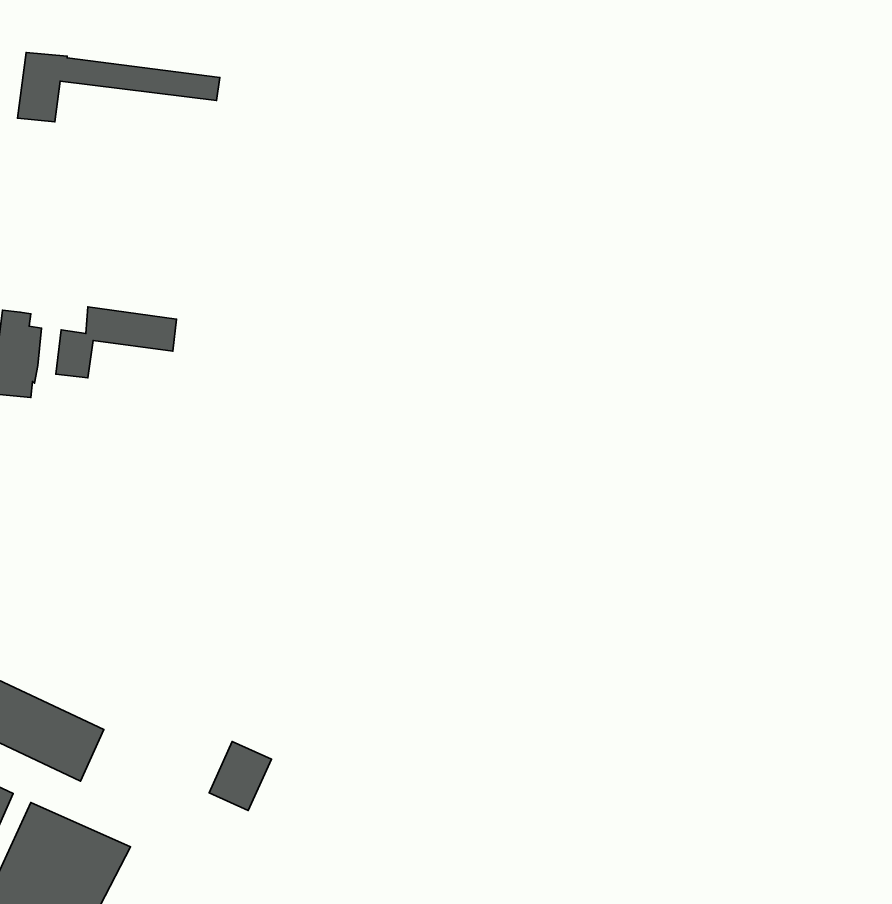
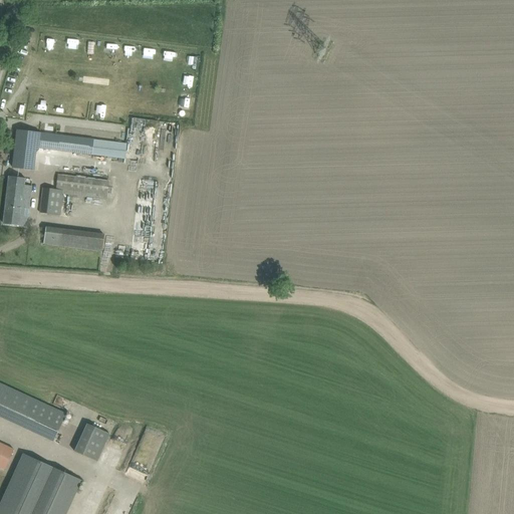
building: [17,53,220,122] -> [11,130,125,169]
building: none -> [45,229,106,249]
building: [209,741,271,811] -> [76,421,111,460]

